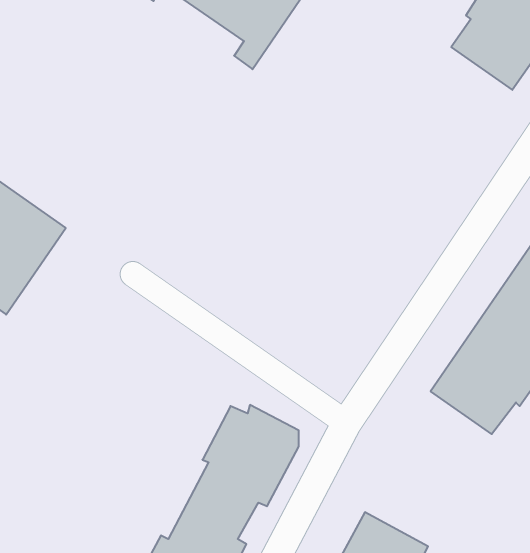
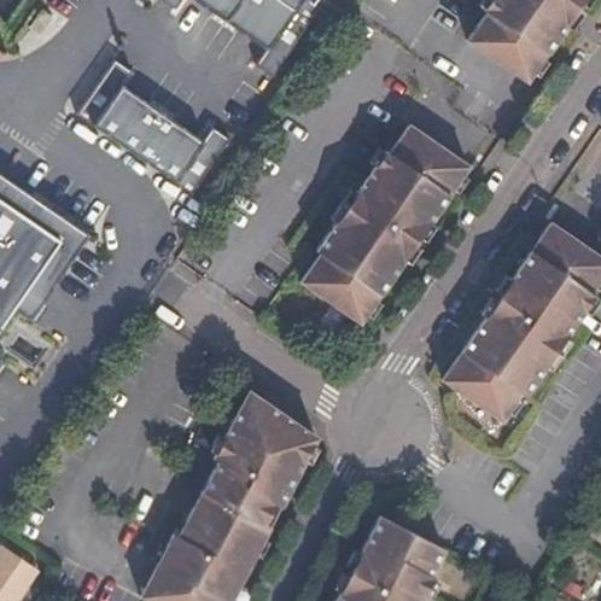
building: none -> [70,51,223,186]
building: none -> [298,130,468,329]

